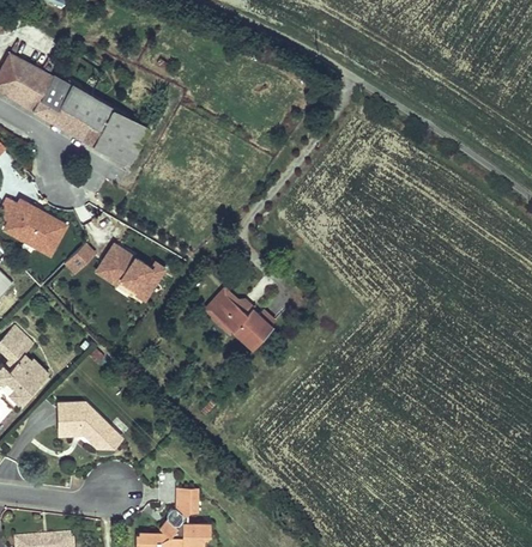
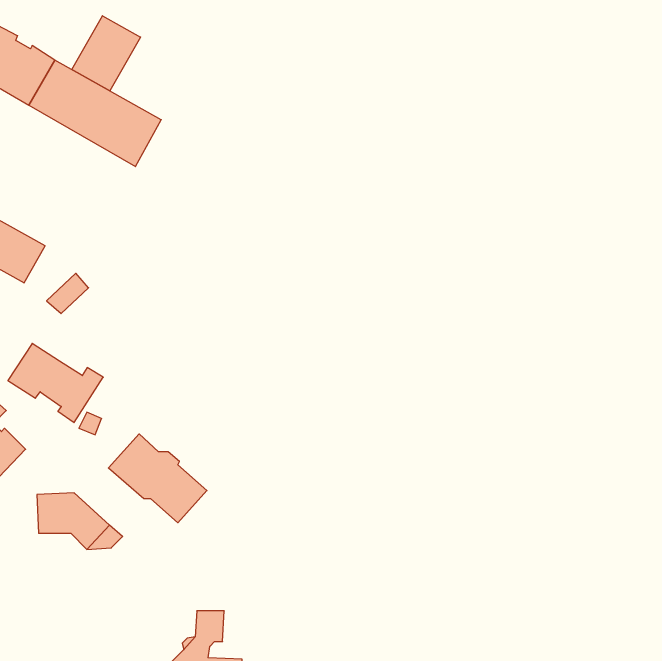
building: none -> [72,16,141,91]
building: [96,243,167,302] -> [8,343,103,423]
building: [200,286,273,352] -> [108,434,207,523]

